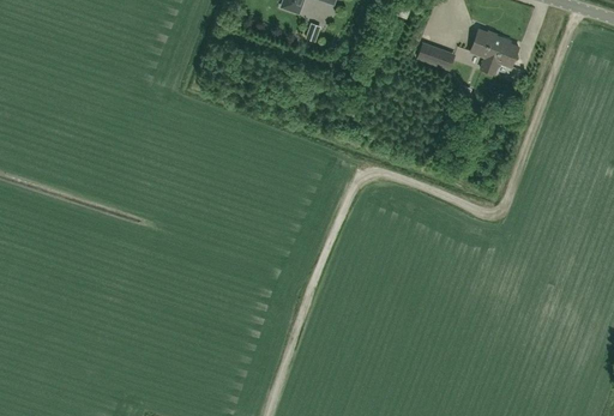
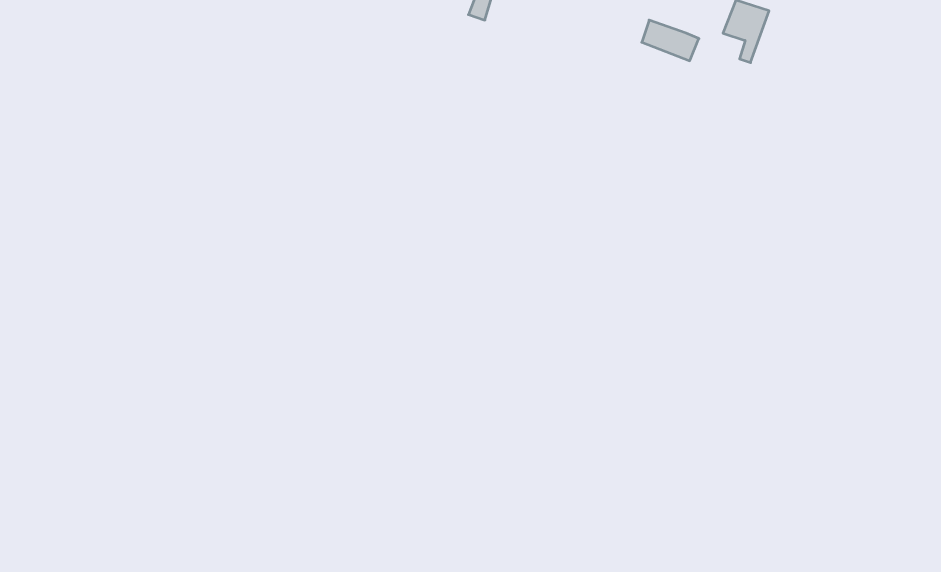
building: [488,37,519,74] -> none

